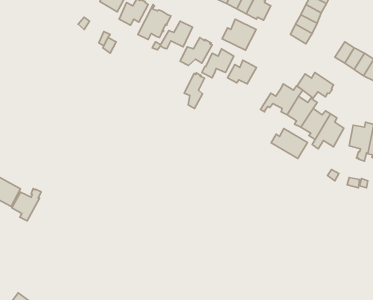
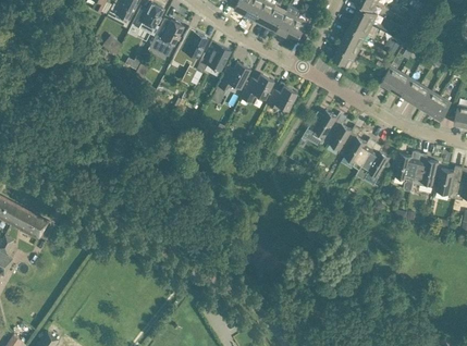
building: [222,19,256,50] -> none
building: [297,72,333,98] -> none
building: [184,73,205,109] -> none
building: [271,128,308,158] -> none
building: [12,189,41,221] -> none

